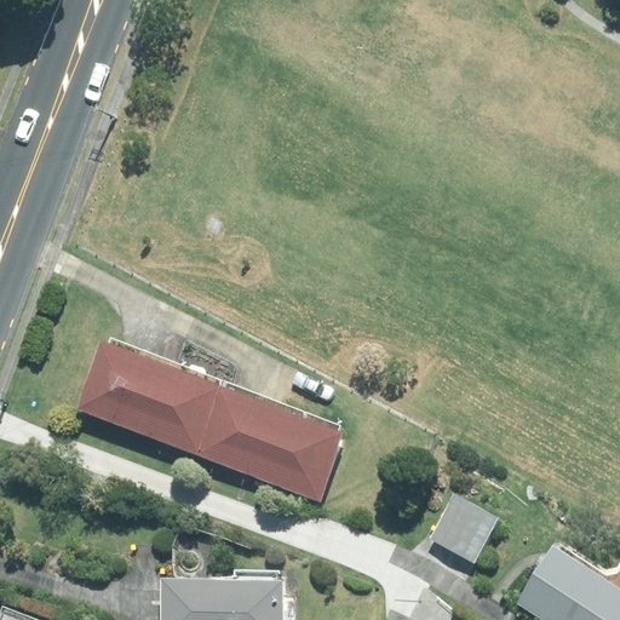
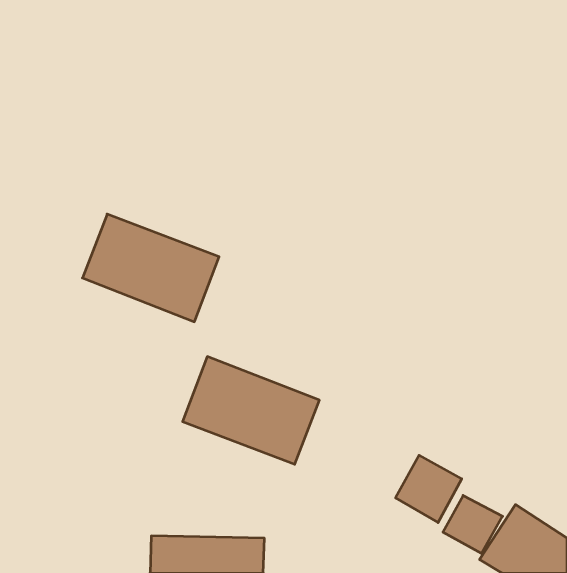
building: [76,339,224,455] -> [82,214,219,322]
building: none -> [443,495,503,553]

